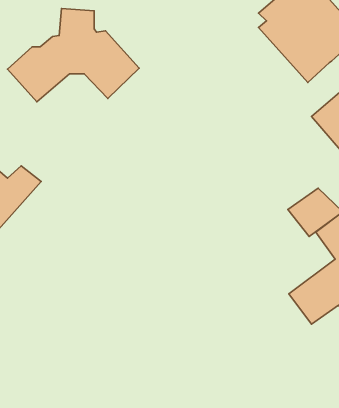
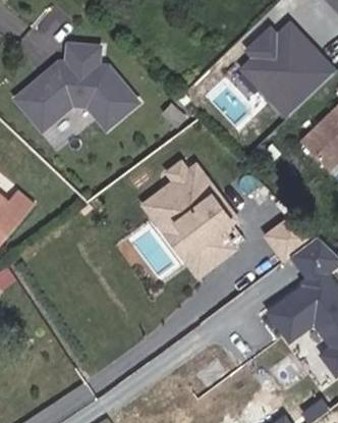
building: none -> [147,163,236,272]

